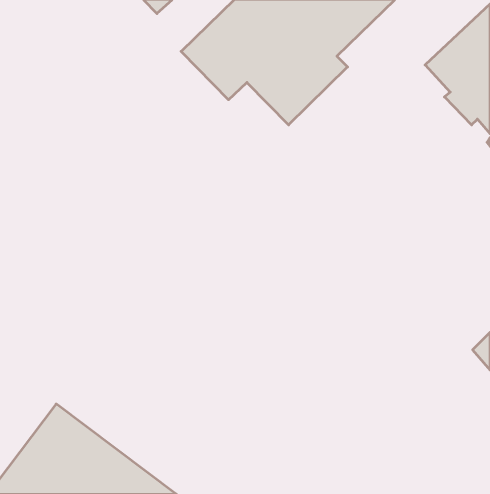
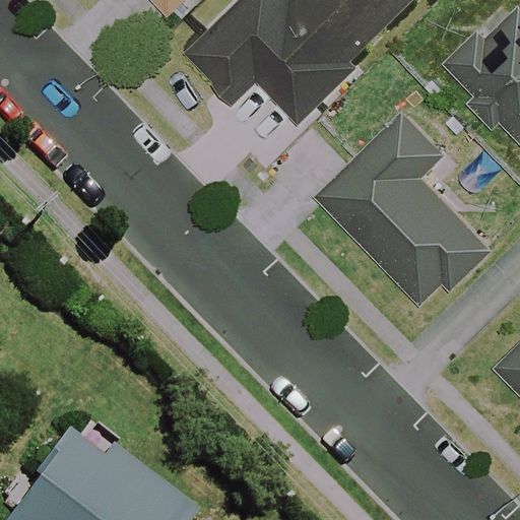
building: none -> [317,113,491,310]

